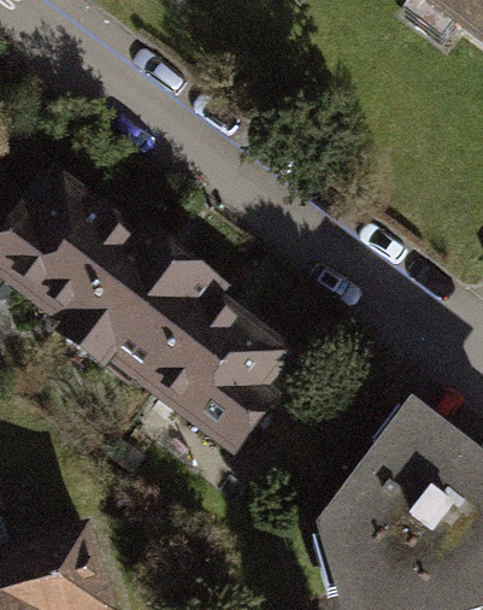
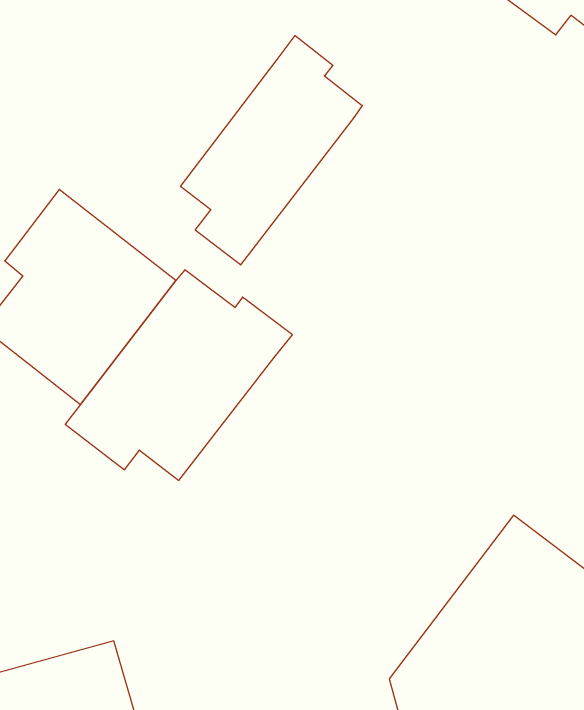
building: none -> [181,36,362,265]
building: [146,293,300,463] -> none

